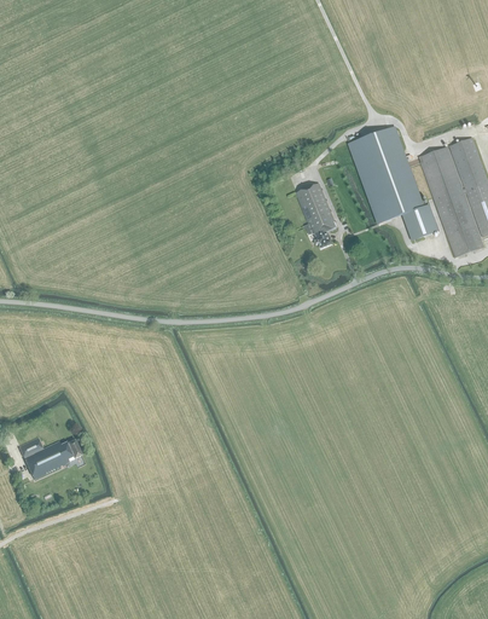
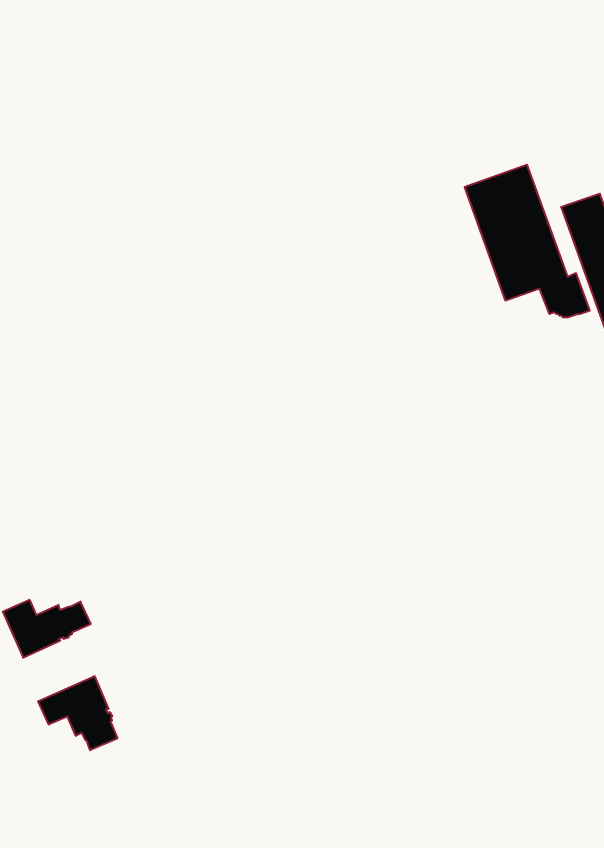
building: [295,184,337,248] -> none
building: none -> [38,676,117,750]

